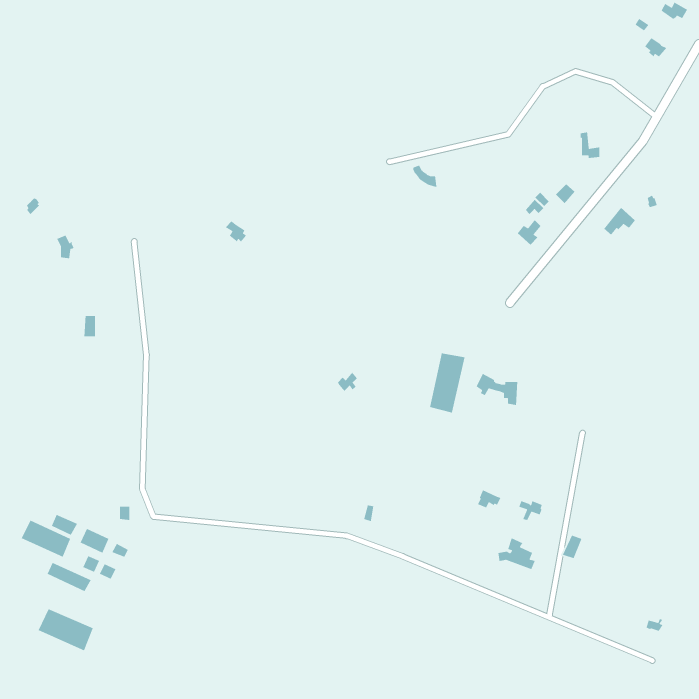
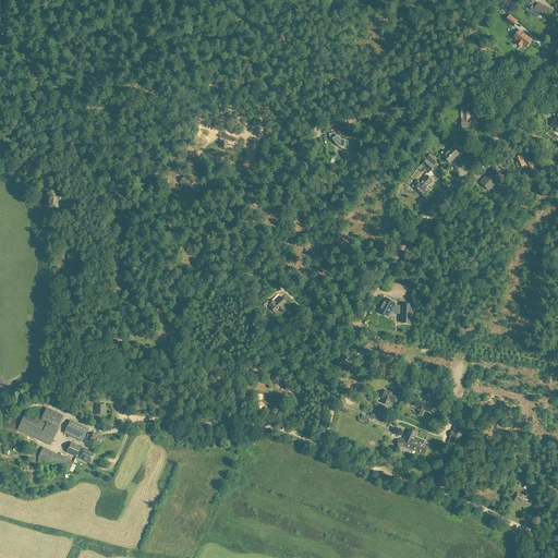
building: [429,352,466,414] -> none
building: [38,608,94,652] -> none

